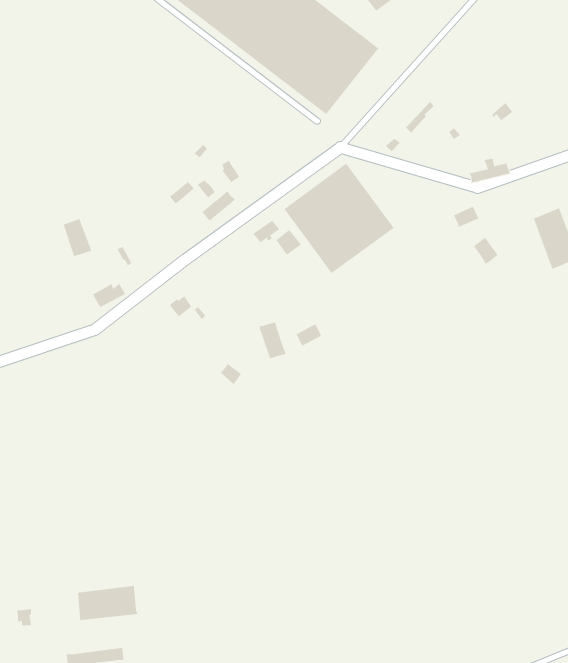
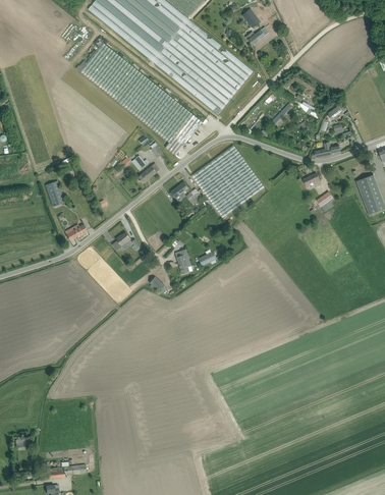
building: none -> [79,42,202,155]
building: [78,585,139,621] -> none

